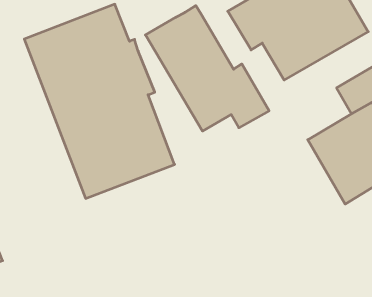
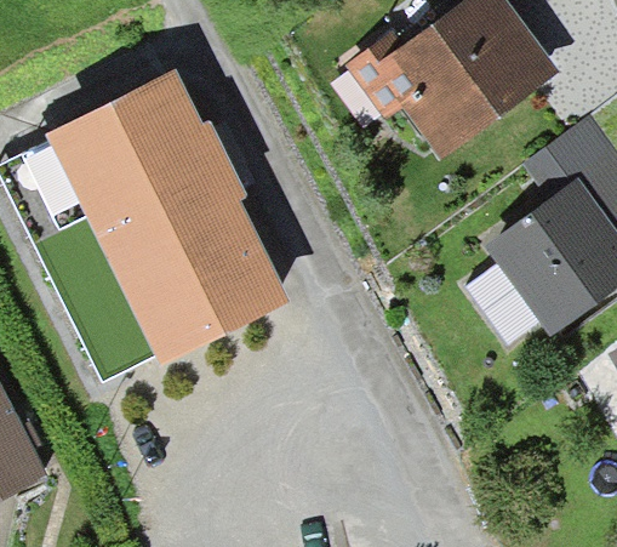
building: [145,6,269,131] -> none

